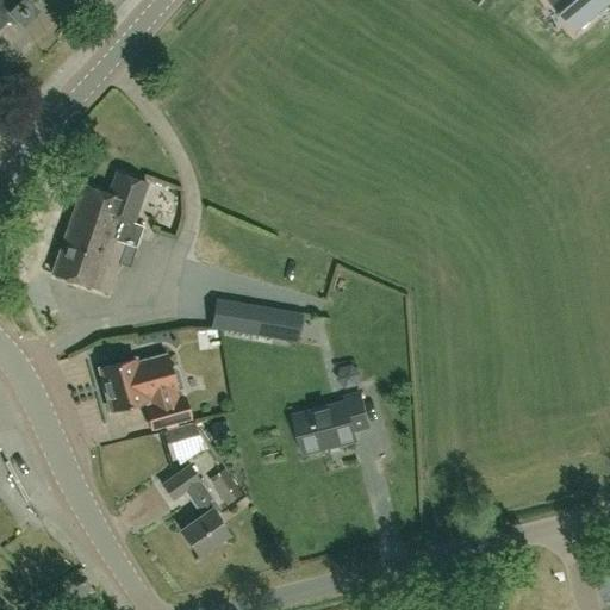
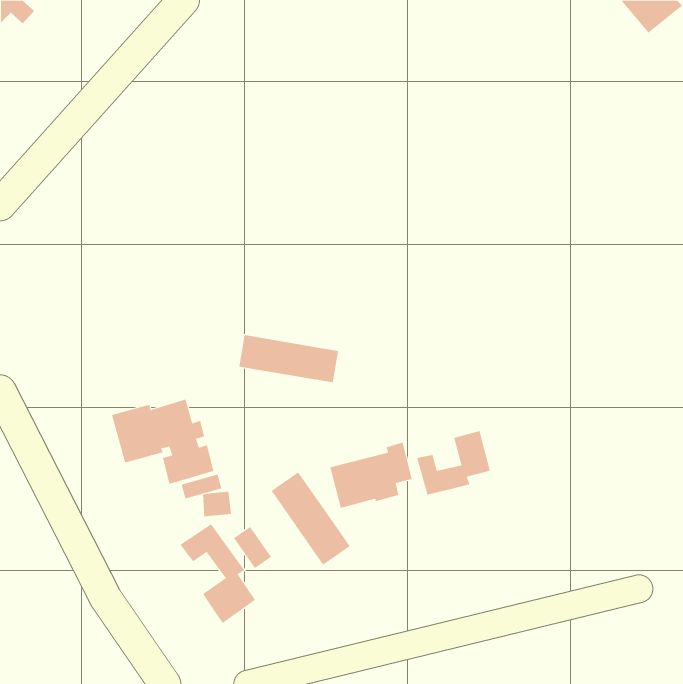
building: [54,172,148,292] -> none
building: none -> [416,430,490,495]
building: none -> [271,471,350,565]

